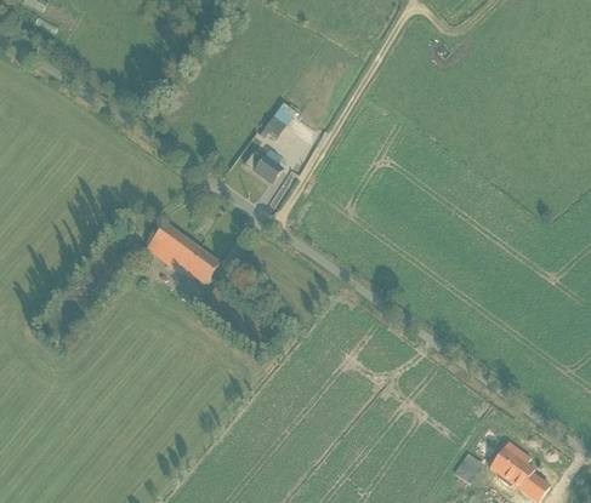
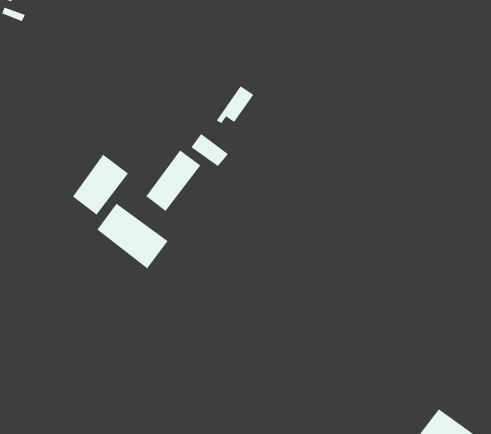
building: none -> [146,149,201,212]
building: none -> [72,154,129,215]

